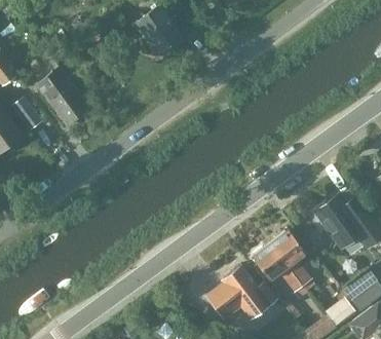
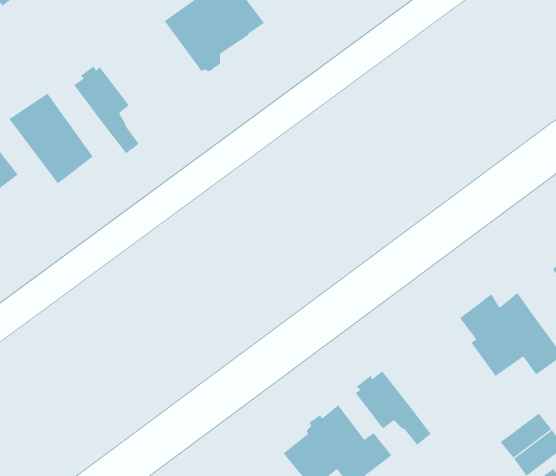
building: none -> [74,66,139,154]
building: [270,230,310,284] -> none

